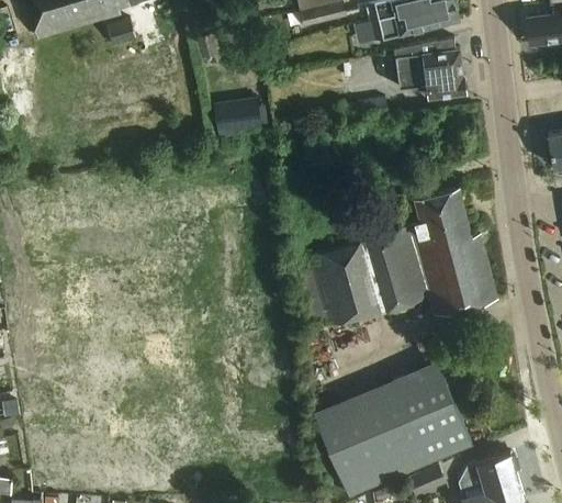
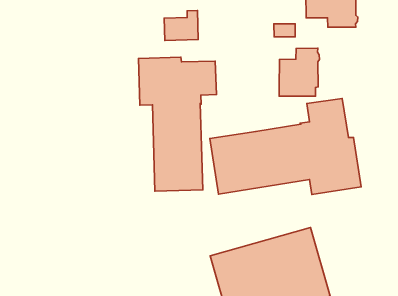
building: none -> [279,48,320,96]
building: none -> [138,57,217,191]

